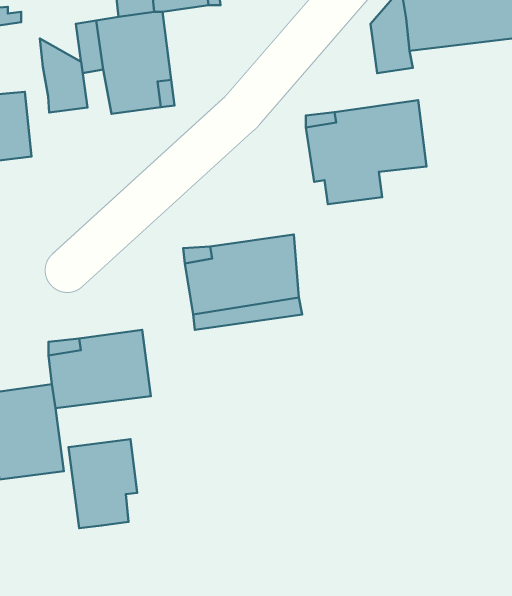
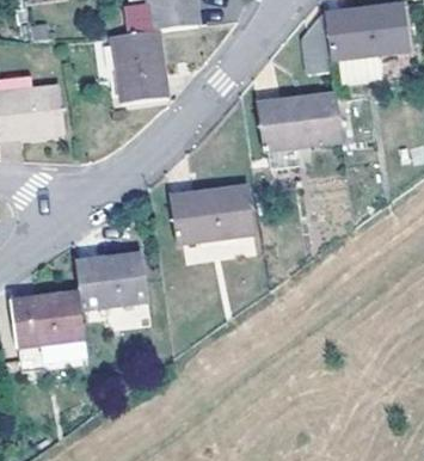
building: [40,38,87,112] -> none
building: [68,439,137,528] -> none

